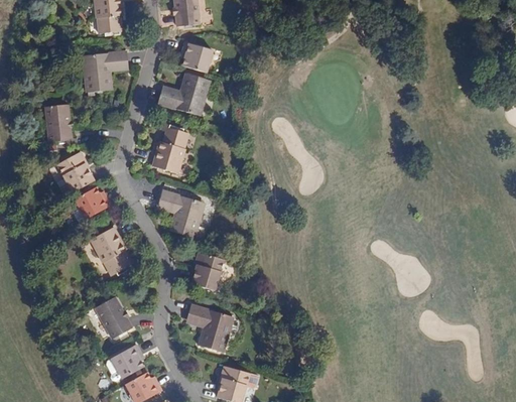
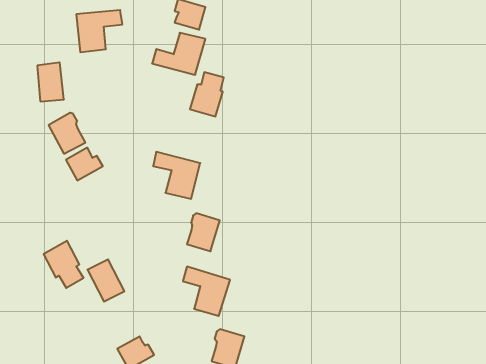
building: [152,130,185,173] -> [190,72,224,116]
building: [90,227,129,273] -> [44,241,84,288]
building: [105,344,143,382] -> none

